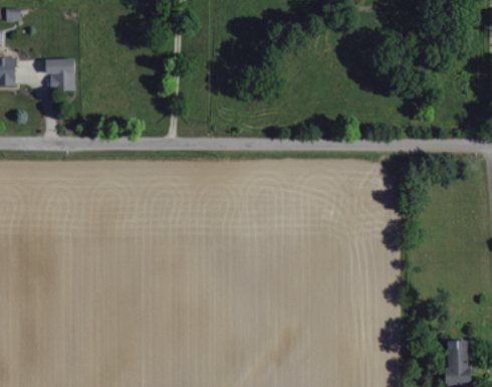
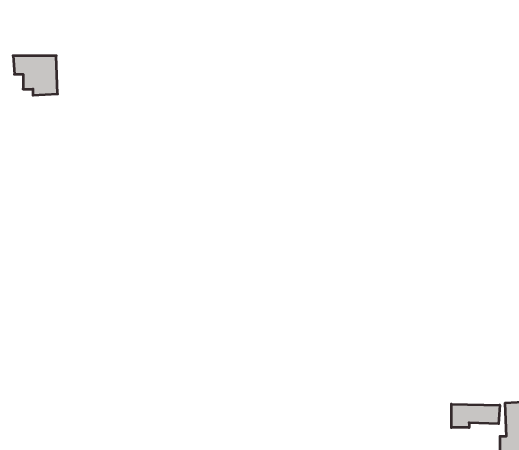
building: none -> [451,404,500,428]

